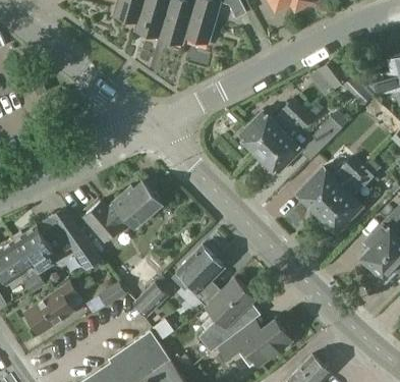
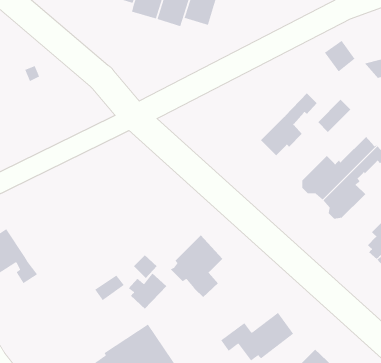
building: [242,100,303,155] -> none
building: [83,182,161,240] -> none
building: [14,208,98,272] -> none
building: [196,279,253,353] -> none
building: [24,282,76,334] -> none

